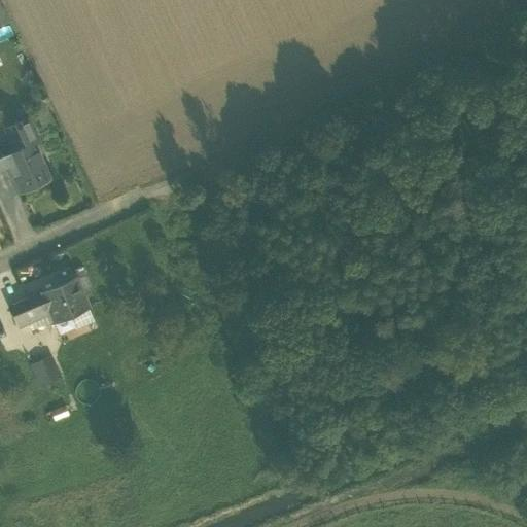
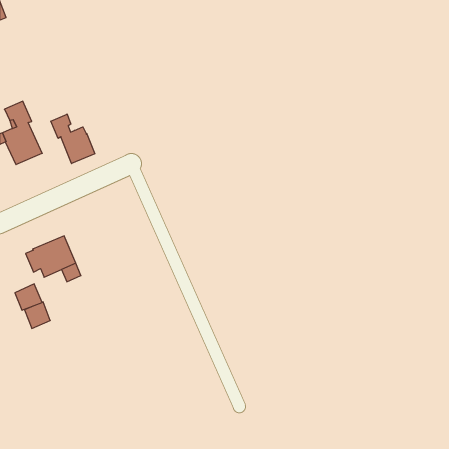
building: none -> [51,114,95,164]
building: [7,297,39,328] -> [15,284,42,310]

